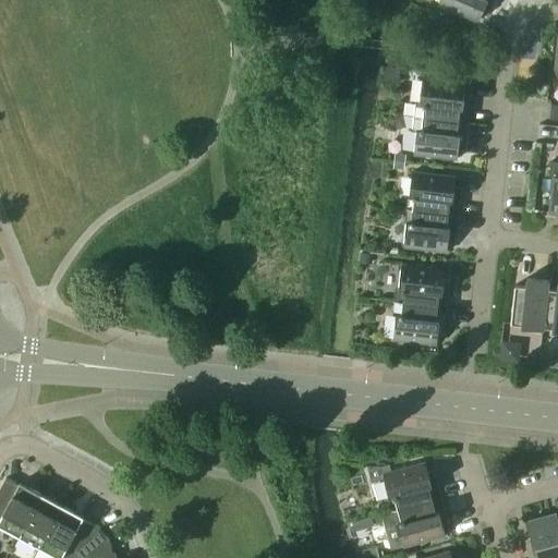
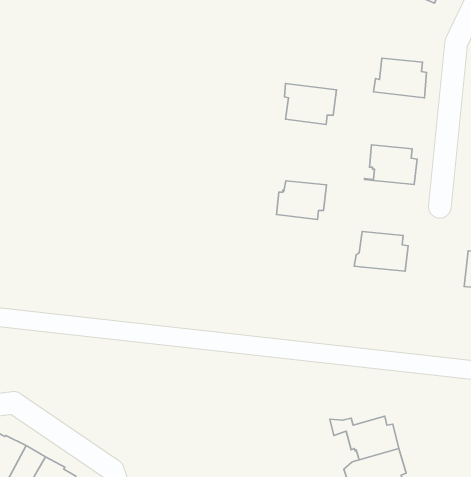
building: [411,116,466,159] -> [284,84,336,124]
building: [402,210,456,252] -> [277,181,327,220]
building: [391,303,446,344] -> none

